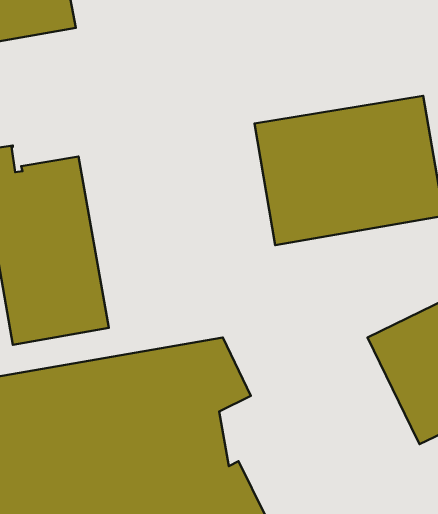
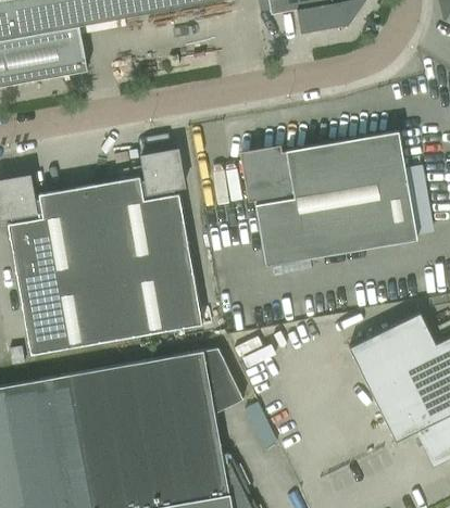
building: none -> [89,150,202,339]

